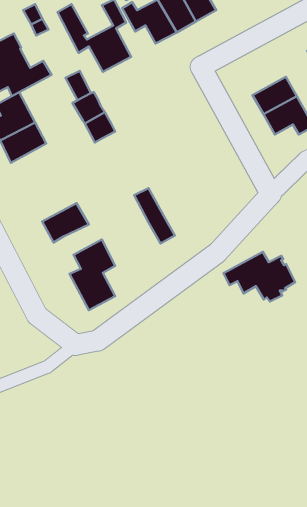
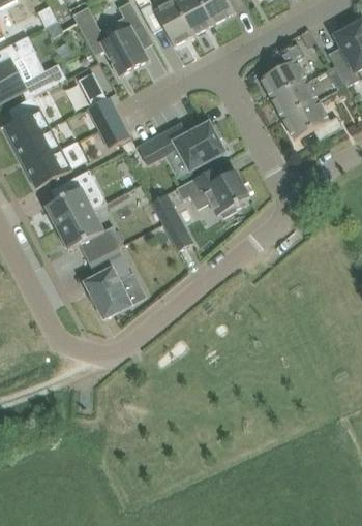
building: none -> [261,43,306,98]
building: none -> [138,122,224,169]
building: none -> [25,148,71,187]
building: none -> [46,187,92,227]
building: none -> [79,225,123,261]
building: [223,252,295,301] -> [176,165,249,216]

